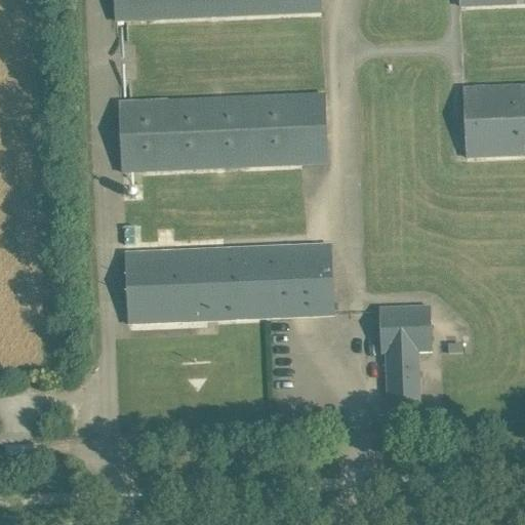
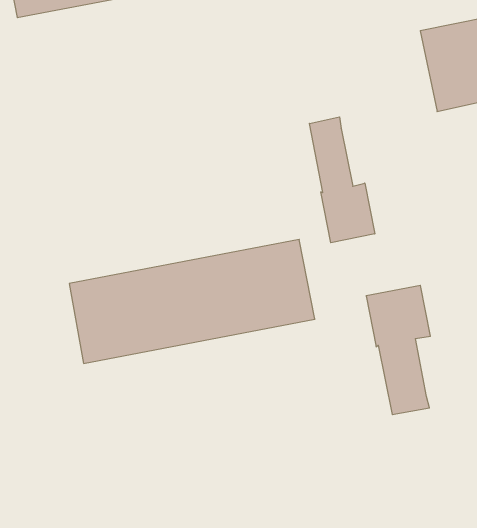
building: [119,91,327,170] -> none
building: none -> [309,117,375,243]

